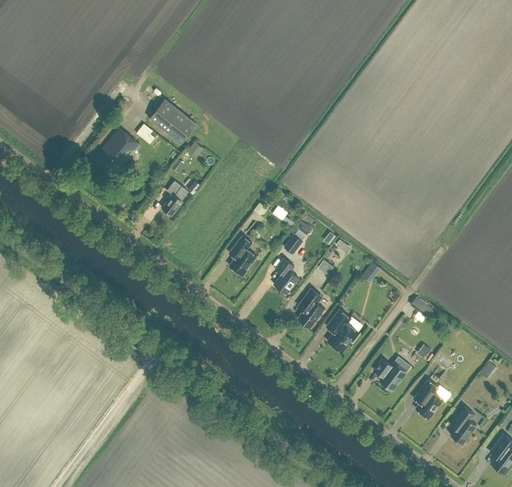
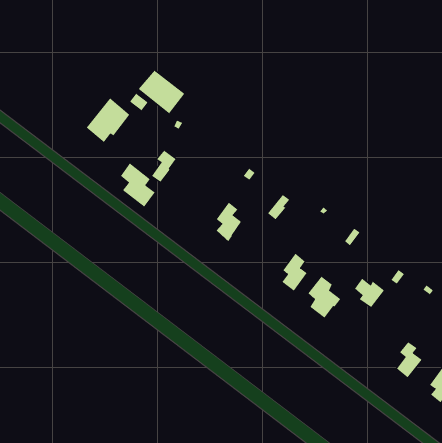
building: none -> [120,163,156,208]
building: [274,257,299,293] -> none
building: [374,358,406,389] -> [354,278,385,308]

